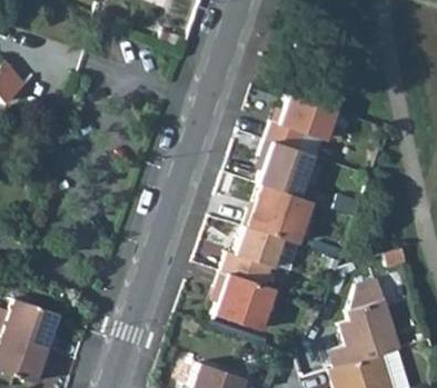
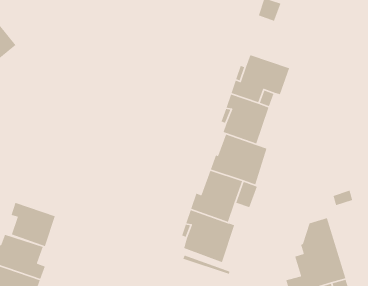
building: none -> [10,202,56,247]

